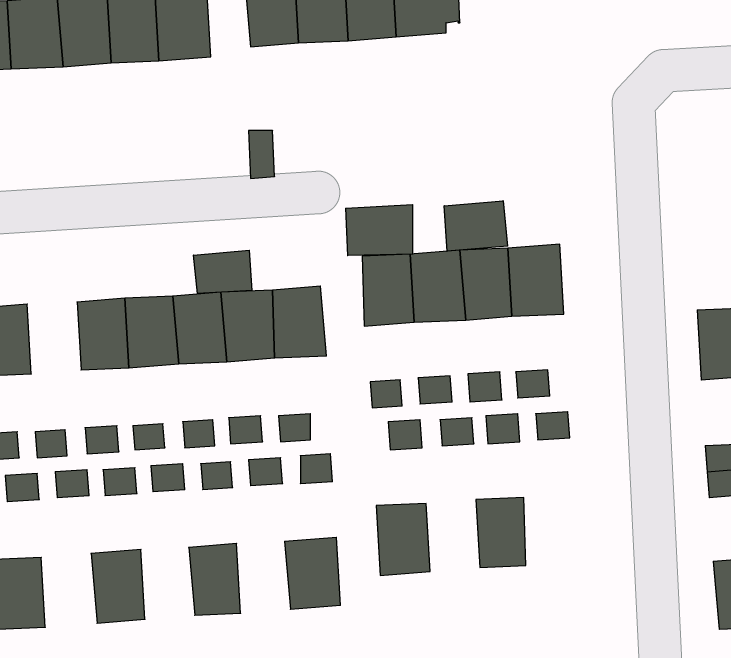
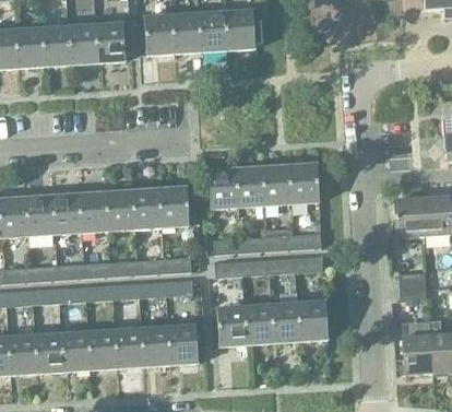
building: [444,201,508,251] -> none
building: [346,205,413,256] -> none
building: [194,250,252,293] -> none
building: none -> [25,195,55,234]
building: none -> [297,299,328,339]
building: none -> [243,303,273,342]
building: none -> [140,326,169,365]
building: none -> [87,329,117,368]
building: none -> [33,332,63,373]

